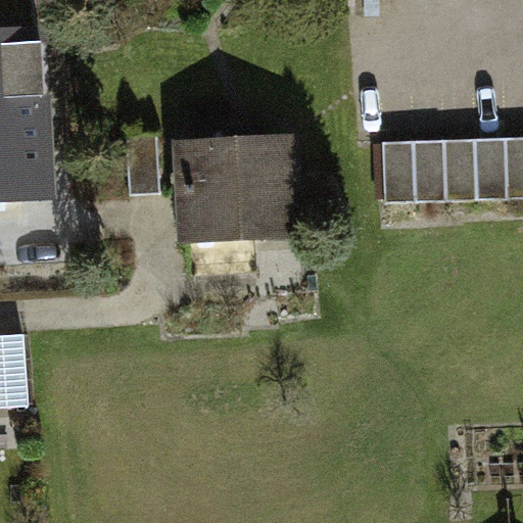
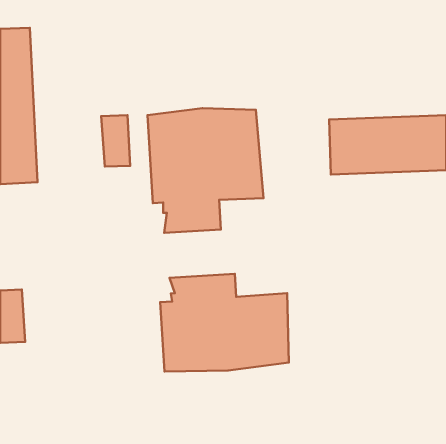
building: none -> [160,274,289,371]

